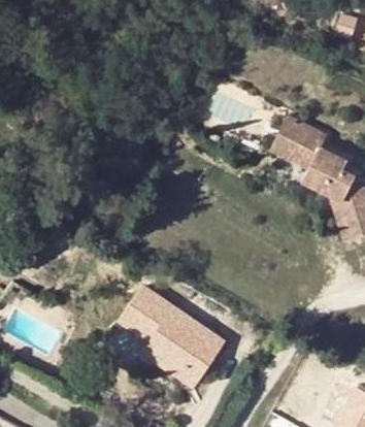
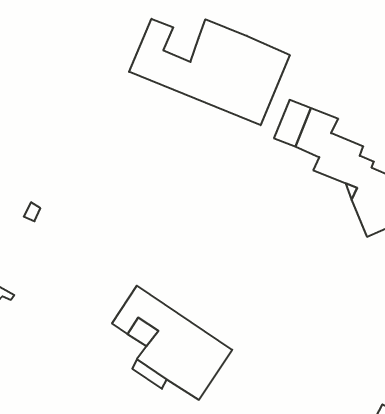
building: none -> [129,19,290,125]

